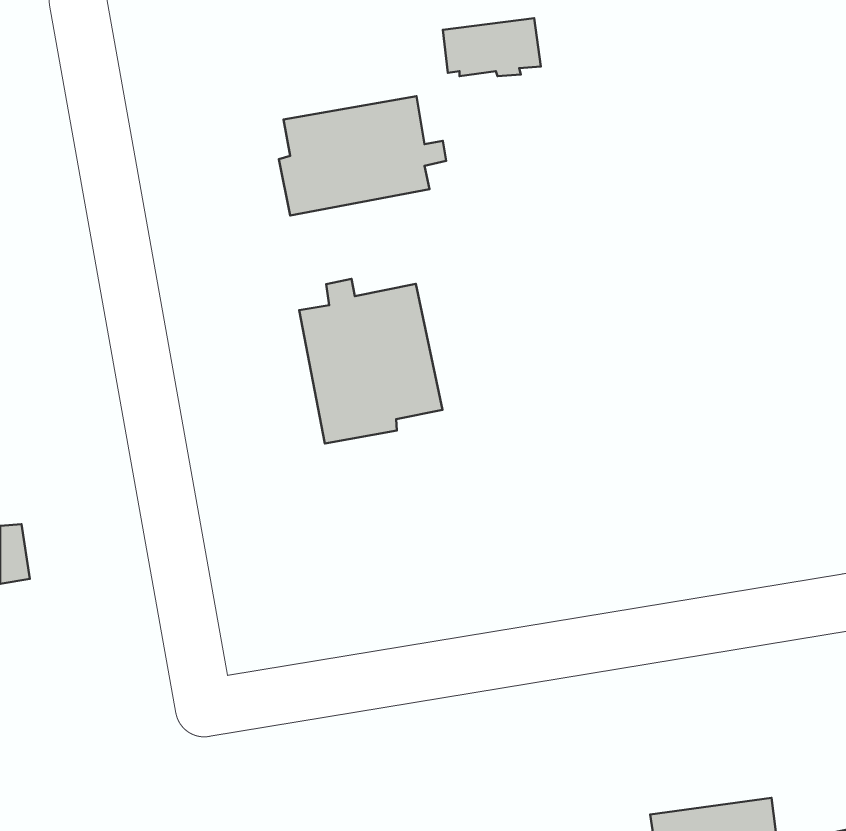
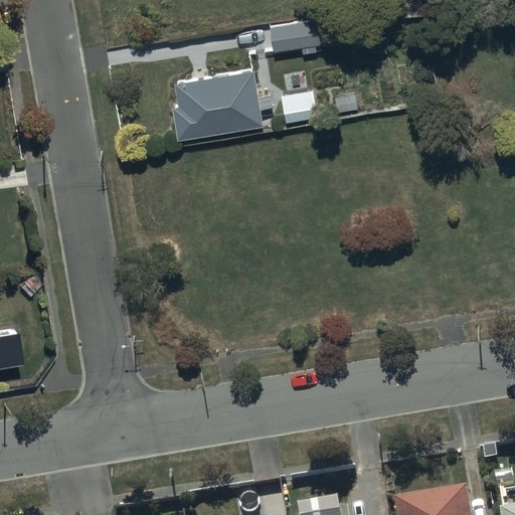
building: [299,279,442,444] -> none

